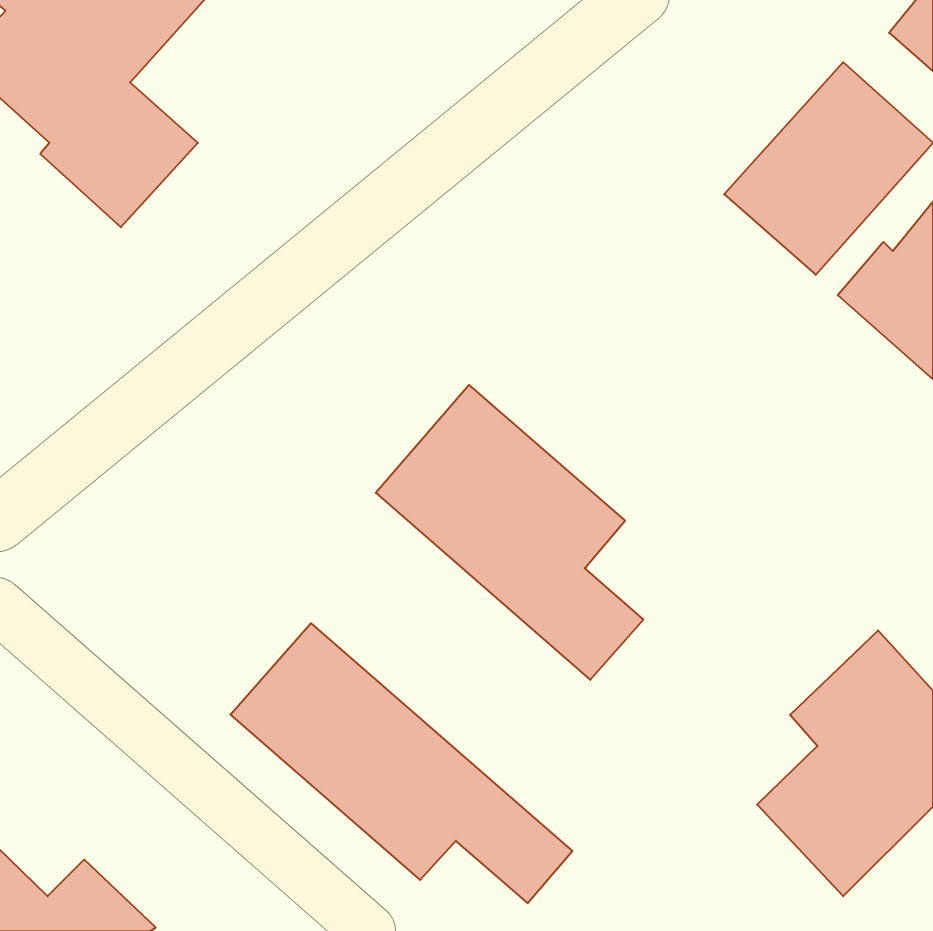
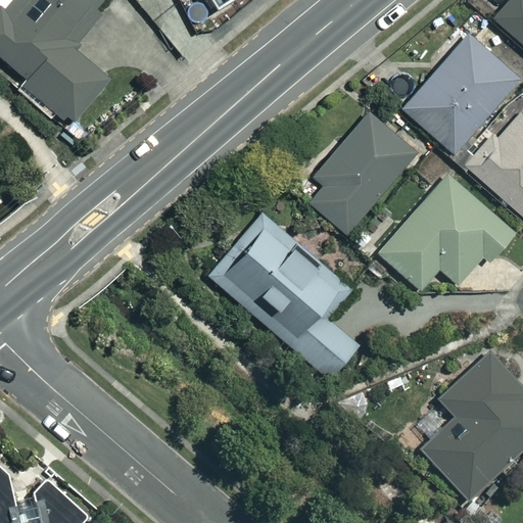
building: none -> [312,112,417,233]
building: none -> [380,176,515,289]
building: [230,623,572,903] -> none

